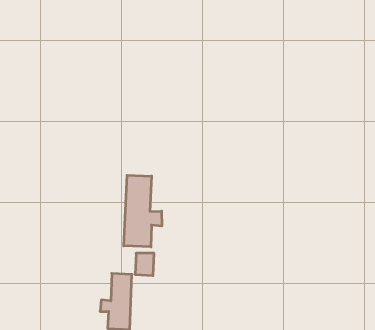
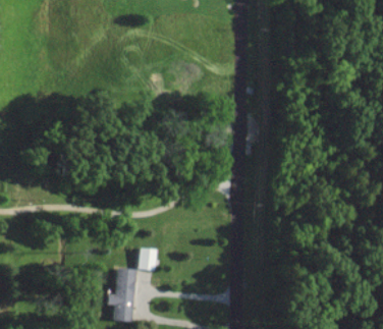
building: [124,175,162,247] -> none

